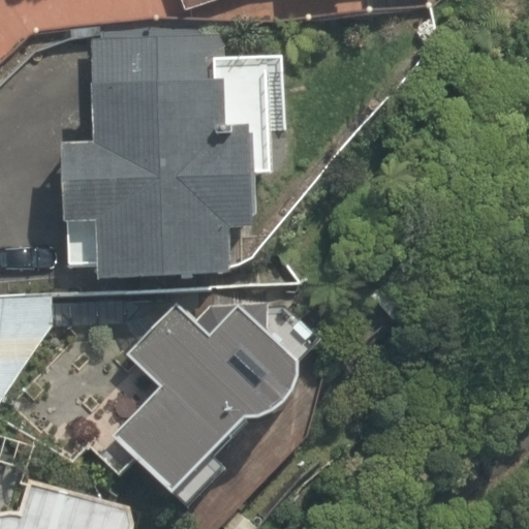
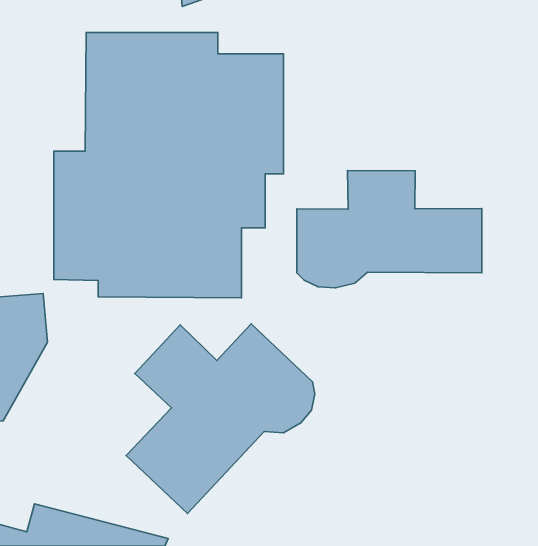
building: none -> [297,170,482,288]

